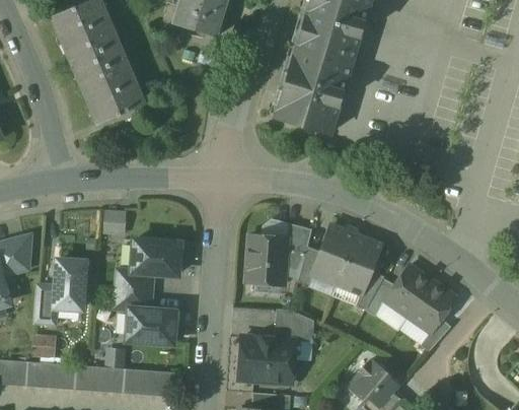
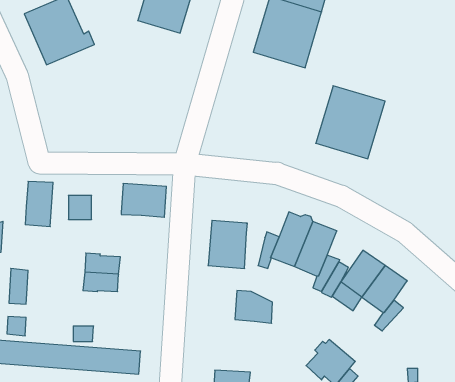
building: [75,49,143,124] -> none
building: [275,57,348,134] -> [316,86,385,159]
building: [286,223,311,253] -> none
building: [132,240,179,275] -> [121,184,166,217]
building: [55,261,84,309] -> [25,181,53,227]
building: [127,309,174,343] -> none
building: [238,337,294,383] -> none

